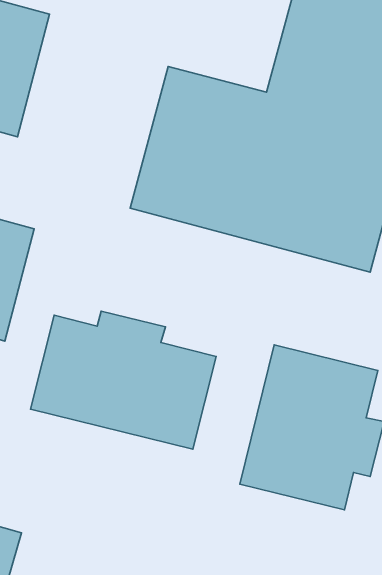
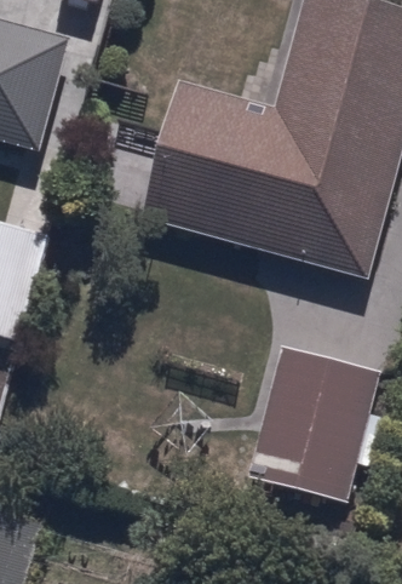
building: [30,311,216,449] -> none

